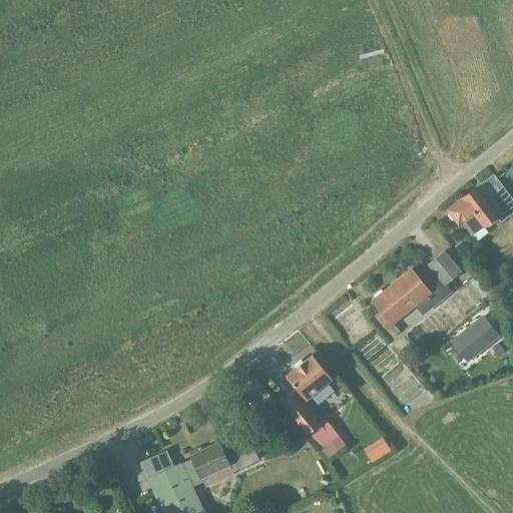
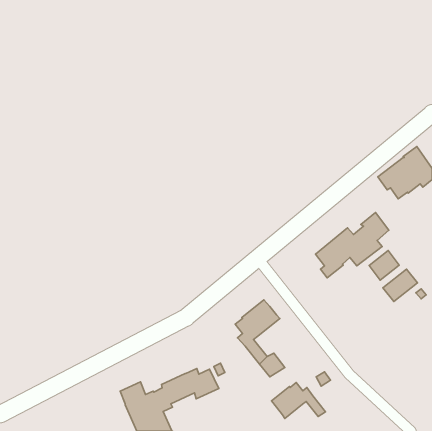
building: none -> [369,251,399,280]
building: none -> [272,382,325,418]

